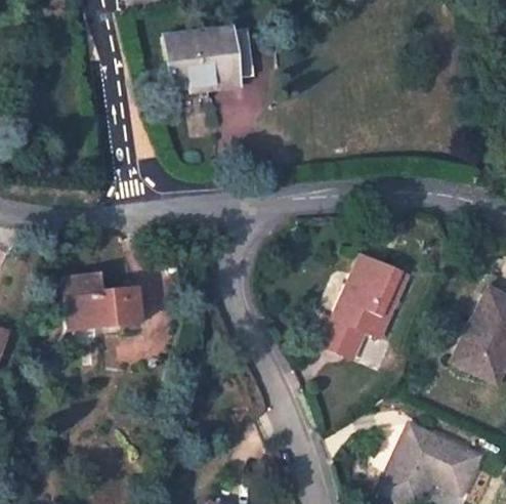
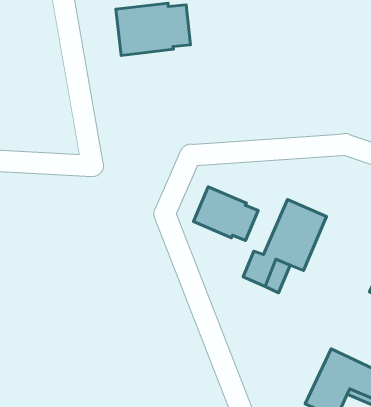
building: none -> [193,187,258,240]
building: [61,271,140,329] -> none

